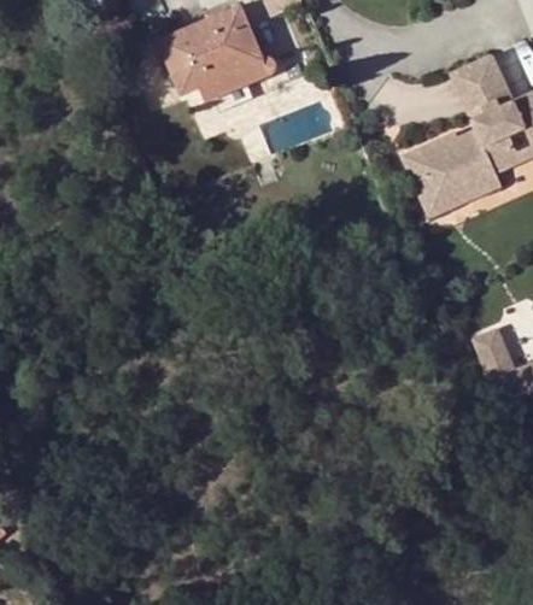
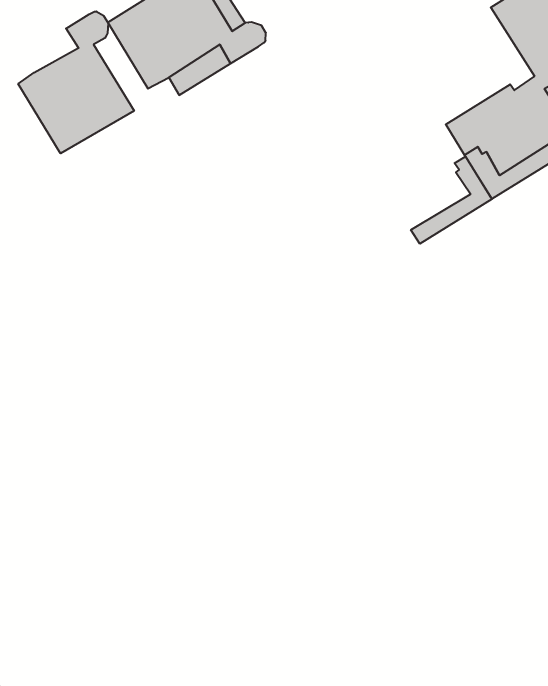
building: none -> [18,11,134,153]
building: none -> [411,156,492,244]

